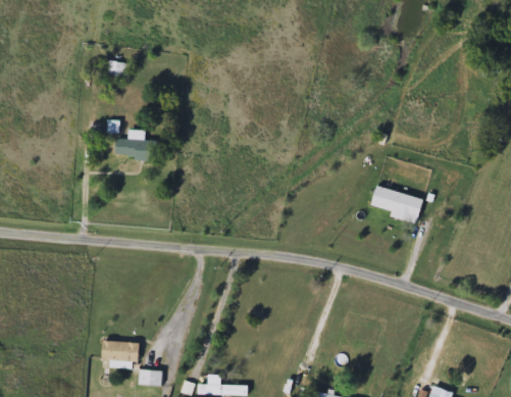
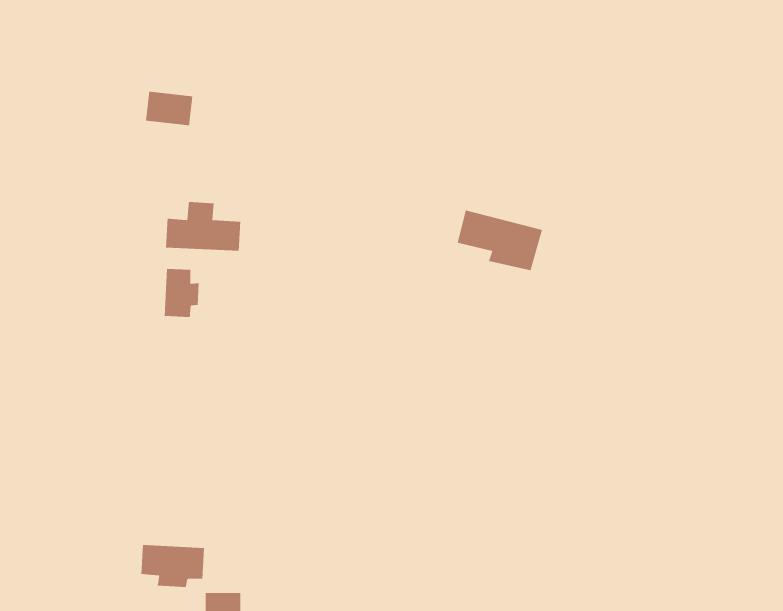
building: none -> [164,268,199,318]
building: [370,186,423,224] -> [457,210,543,271]

